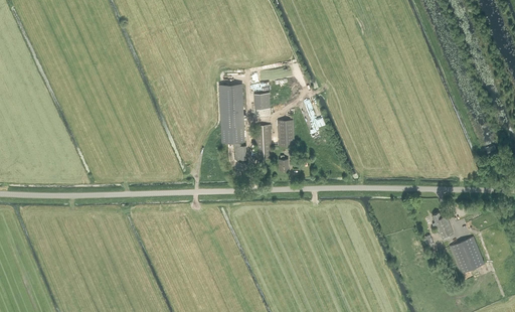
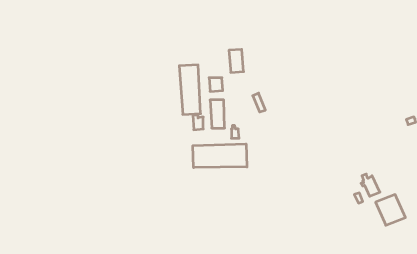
building: [278,119,295,146] -> [229,49,244,72]
building: none -> [193,144,247,168]

